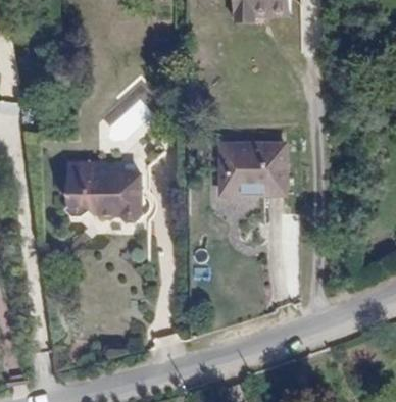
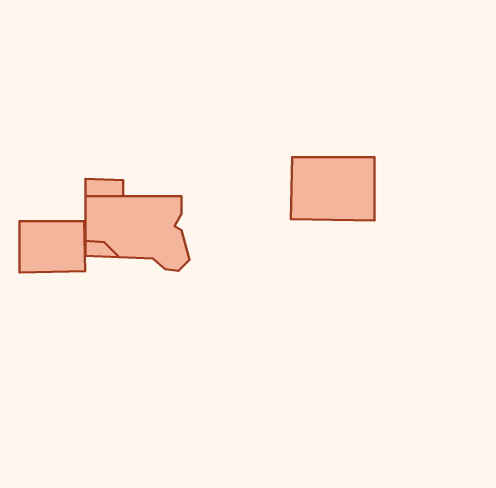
building: none -> [19,221,85,272]

